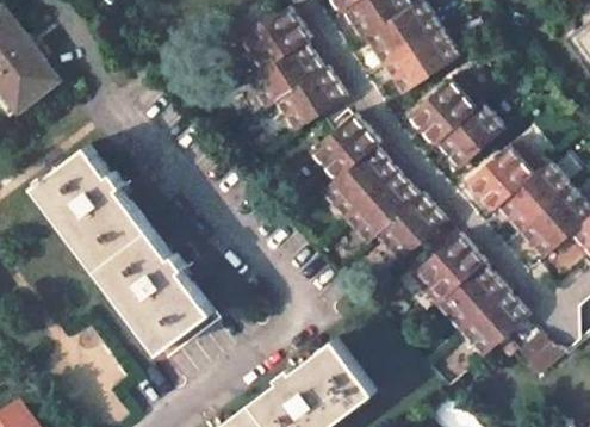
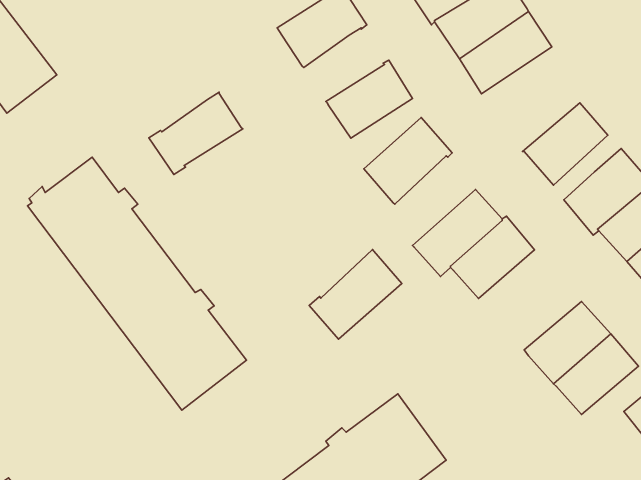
building: [248,41,324,107] -> [149,92,243,174]
building: [410,74,483,143] -> none
building: [323,144,398,217] -> [309,250,402,339]
building: [412,233,485,302] -> none

